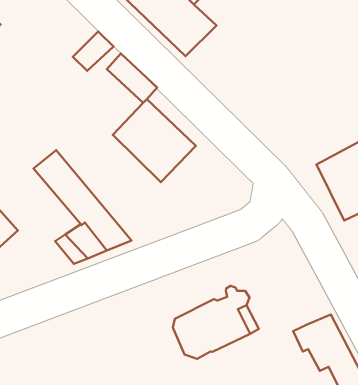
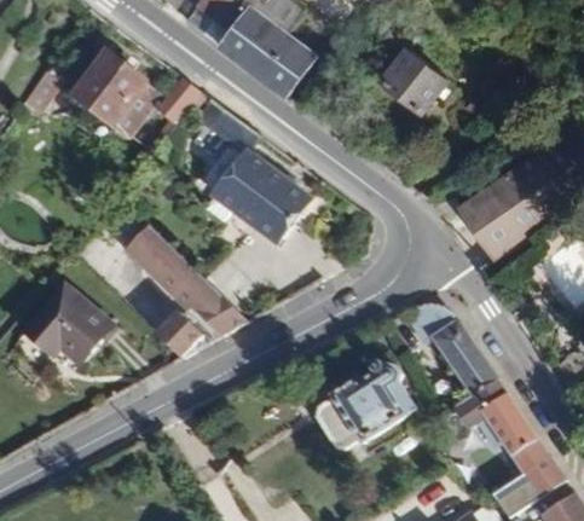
building: none -> [74,54,144,126]
building: none -> [383,46,450,110]
building: none -> [401,303,497,396]

